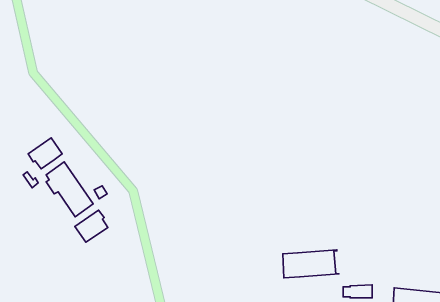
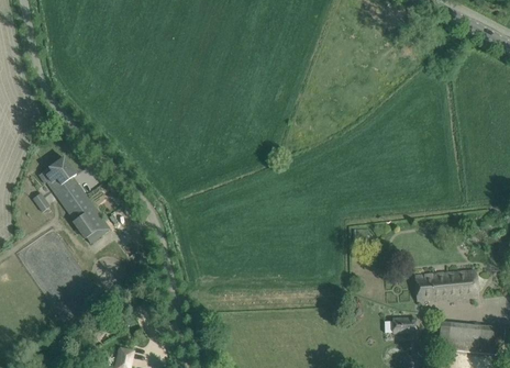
building: [75,210,108,242] -> none
building: [283,250,339,278] -> [415,270,477,301]

